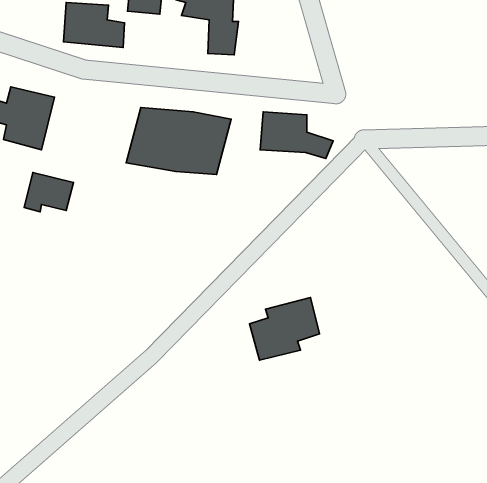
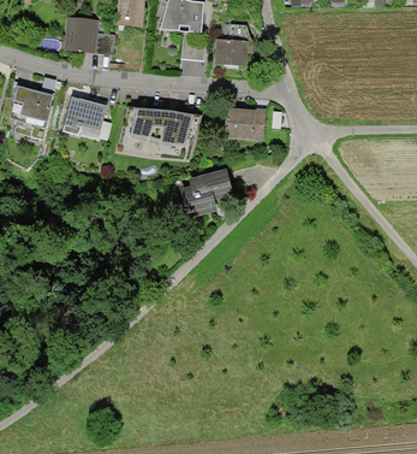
building: none -> [215,23,251,66]
building: [24,172,74,212] -> [65,96,106,129]
building: [249,298,319,360] -> [177,169,234,220]

